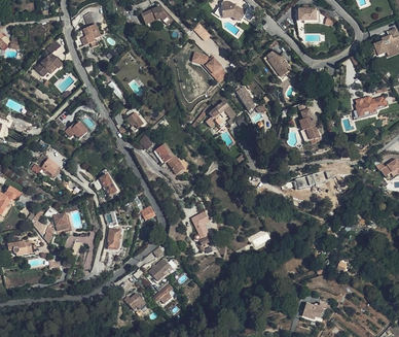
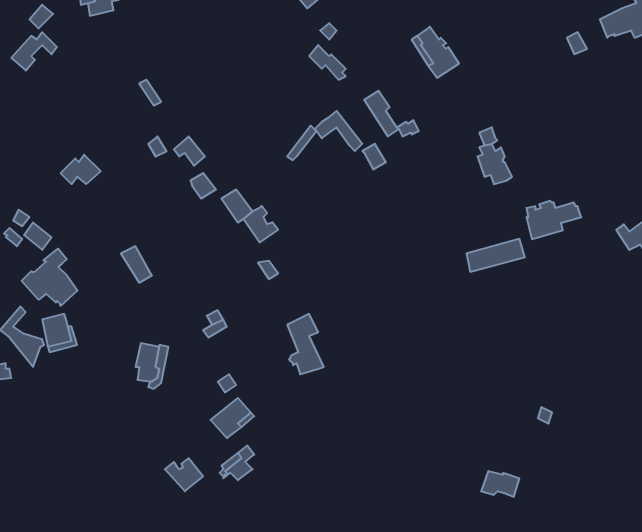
building: [355,96,386,117] -> [526,201,581,239]
building: none -> [22,249,78,306]

